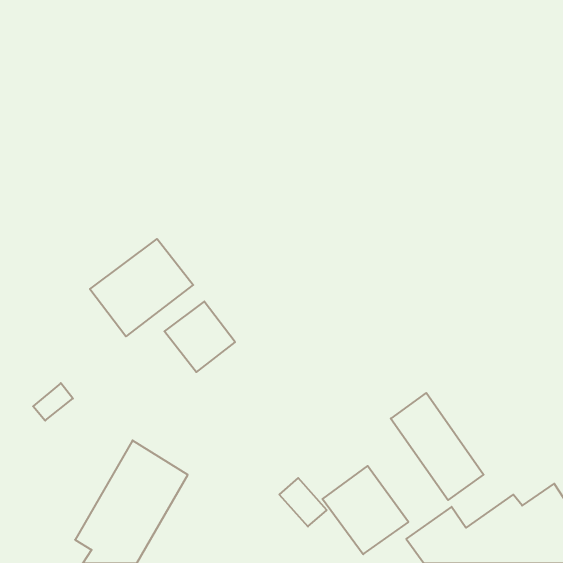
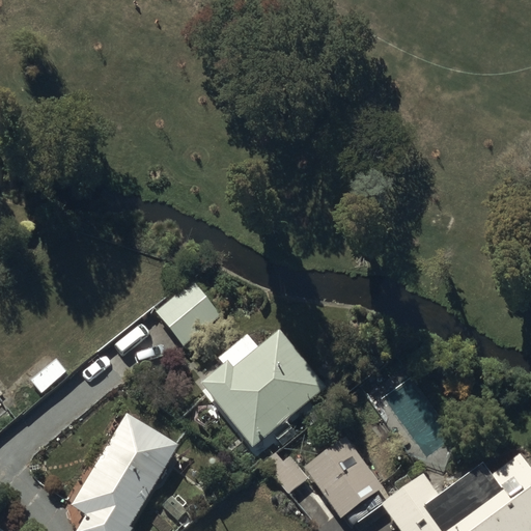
building: [90,239,193,336] -> none
building: none -> [202,332,326,448]

